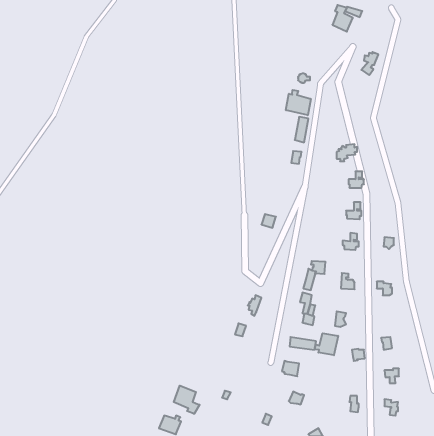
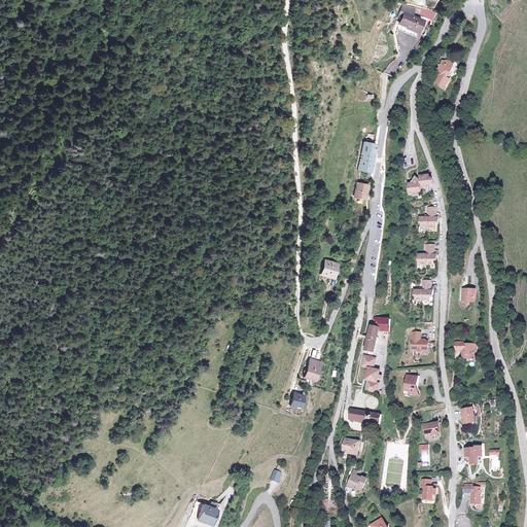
building: [286,90,311,115] -> none
building: [315,333,338,355] -> none
building: [174,386,200,414] -> none

